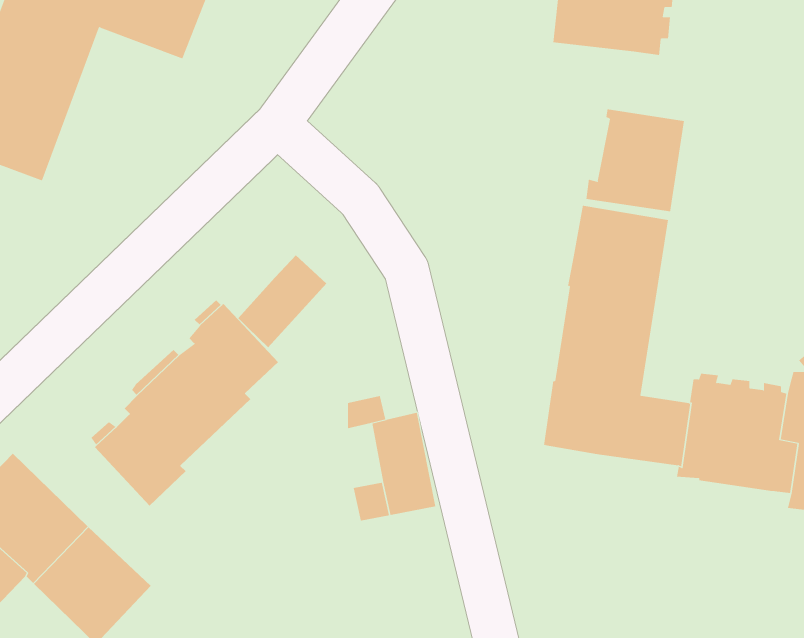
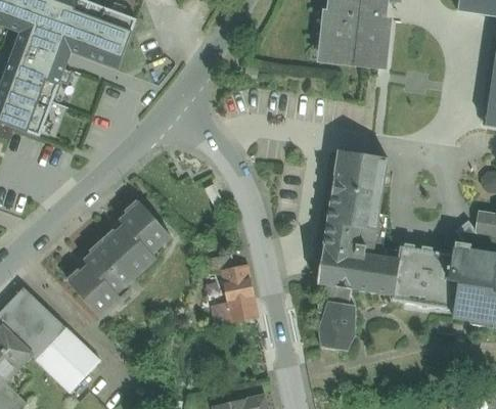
building: [586,109,684,212] -> none
building: [238,255,327,348] -> none
building: none -> [316,282,352,351]

